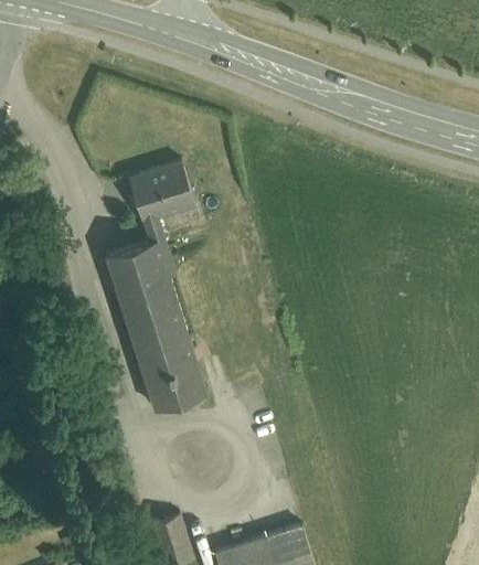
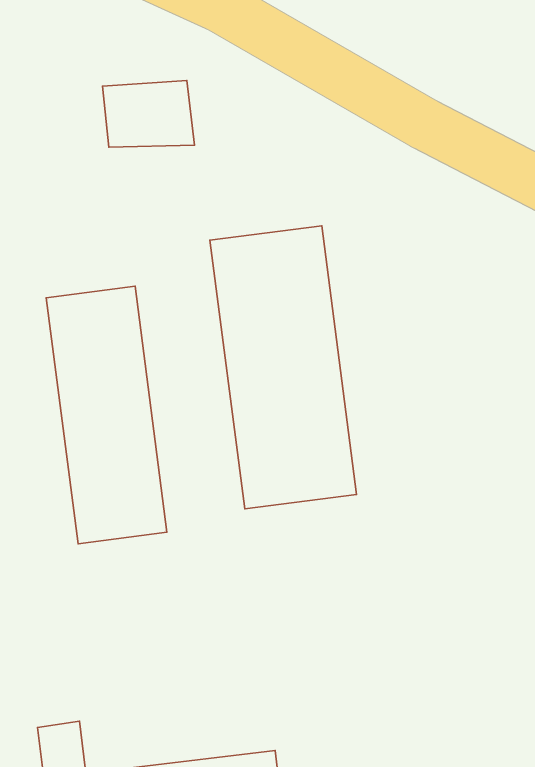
building: [132,166,199,217] -> [102,81,194,147]
building: none -> [210,226,357,509]

